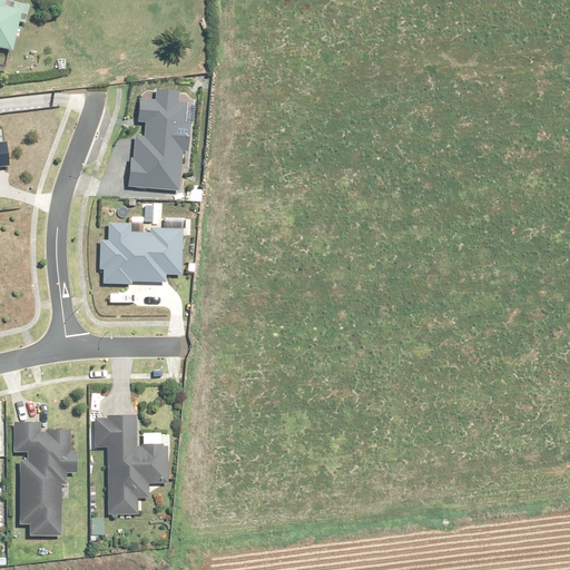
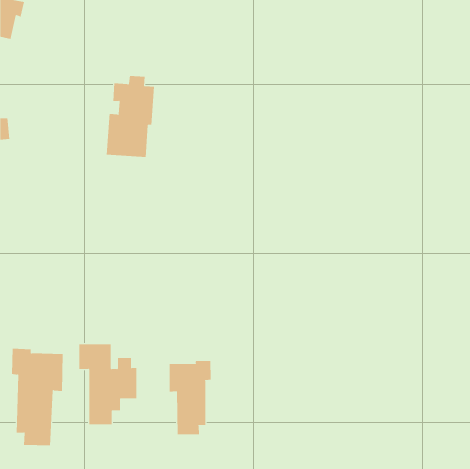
building: [99,223,181,285] -> none
building: none -> [169,360,211,435]

